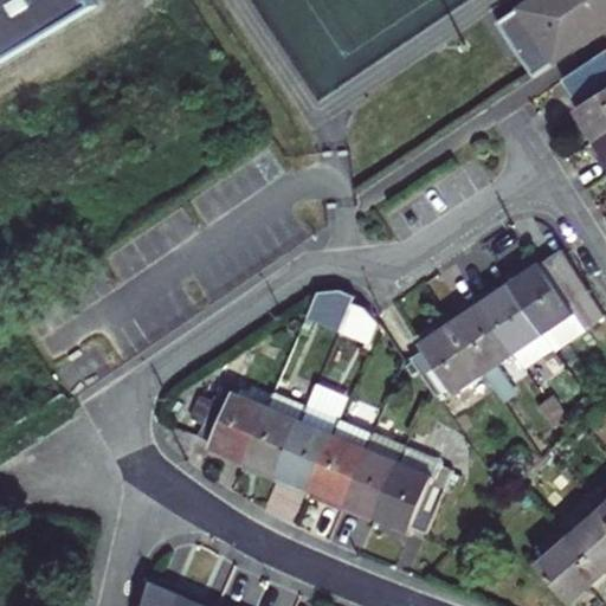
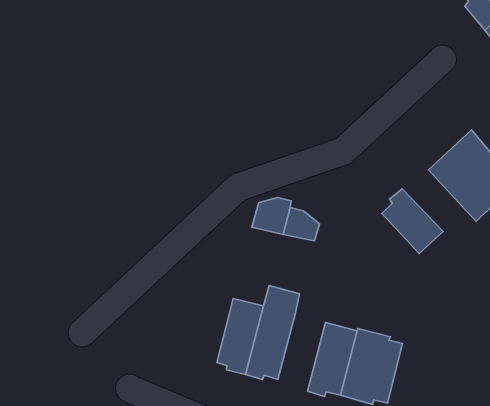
building: [475,284,550,368] -> none
building: [408,324,483,395] -> none
building: [198,386,266,460] -> none
building: [308,420,369,507] -> none

